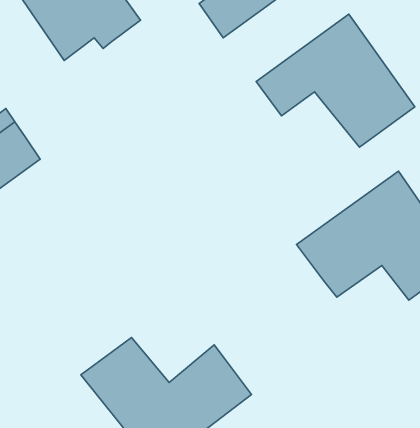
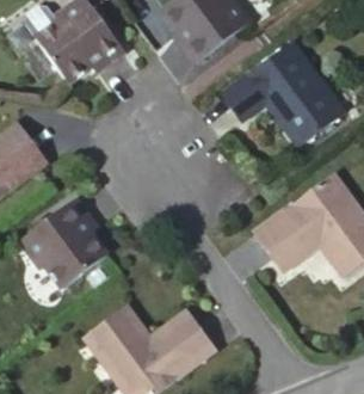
building: none -> [21,193,105,290]

